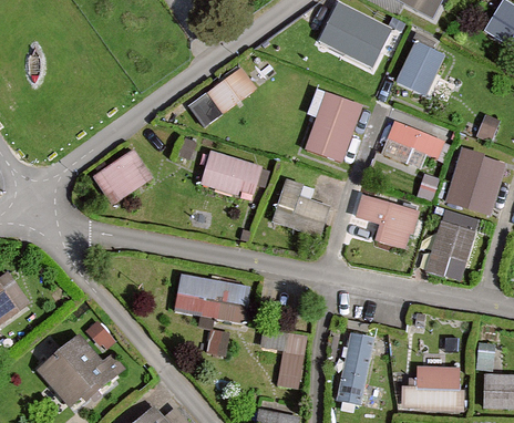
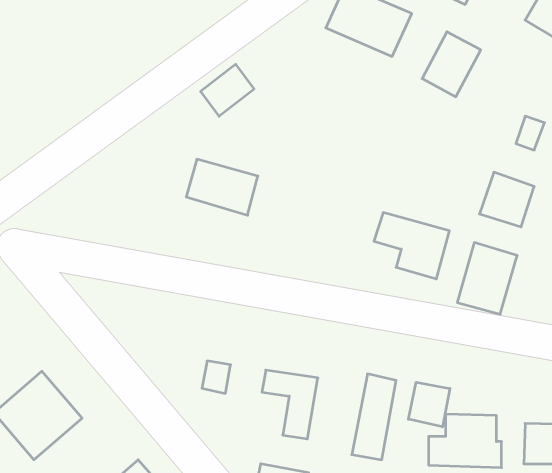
building: [308,92,363,162] -> none
building: [387,121,449,162] -> none
building: [90,148,147,203] -> none
building: [269,177,331,241] -> none
building: [174,275,249,322] -> none
building: none -> [408,382,450,427]

